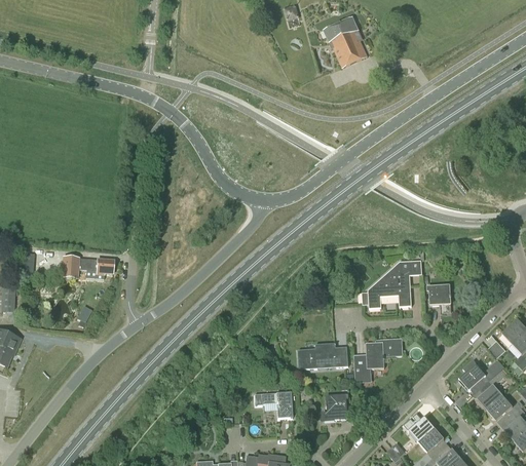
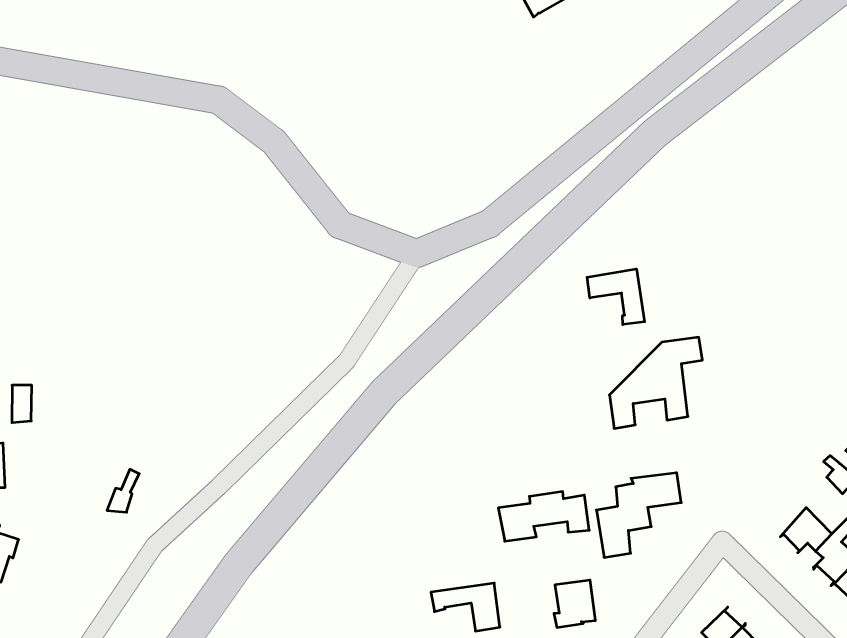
building: none -> [587,269,645,325]
building: [62,256,113,278] -> none
building: [428,284,450,304] -> none

